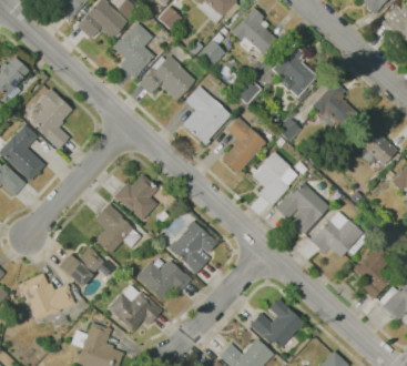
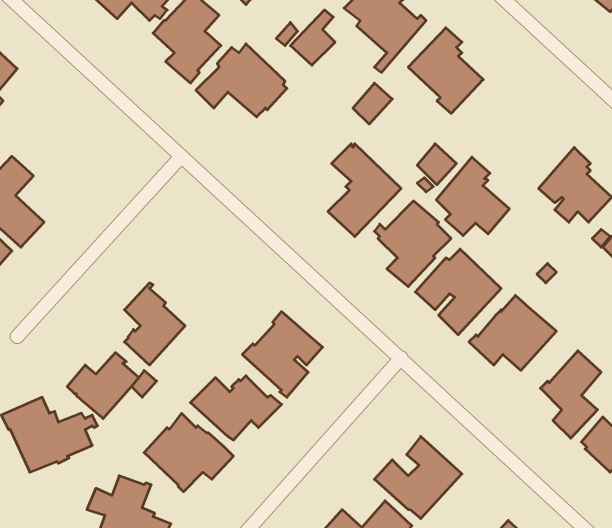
building: [312,81,357,130] -> [436,157,509,236]
building: [182,87,231,145] -> none
building: [31,88,71,149] -> none
building: [114,173,159,222] -> none

